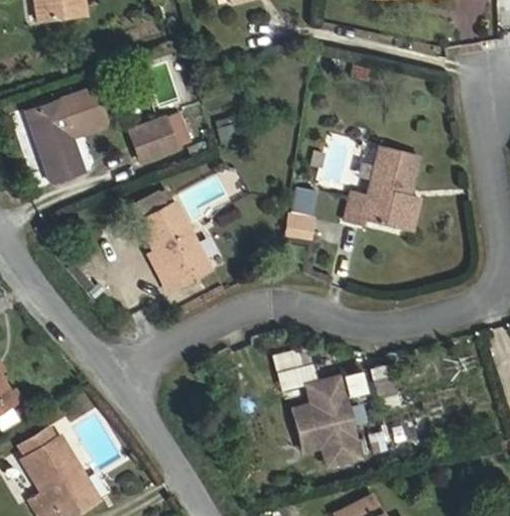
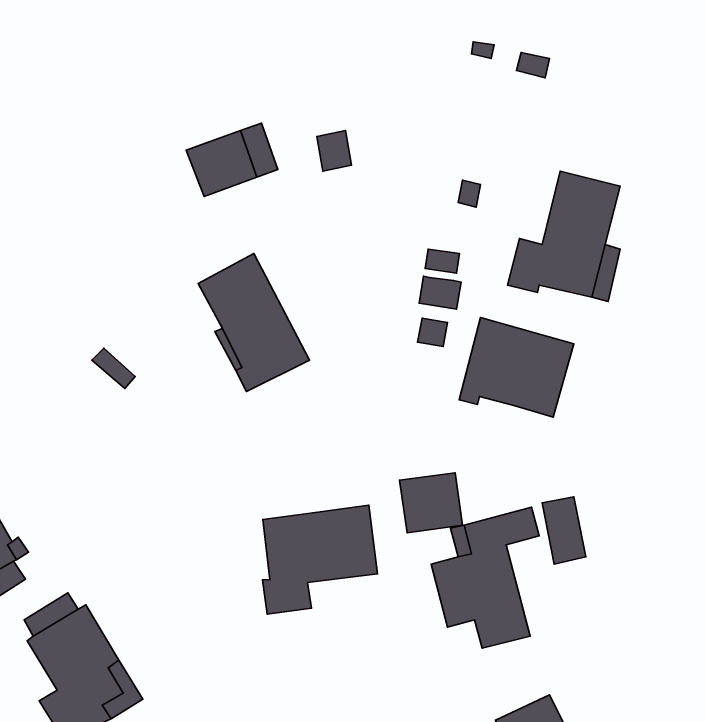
building: [25,88,107,184] -> none
building: none -> [459,317,574,417]
building: none -> [263,505,378,614]

